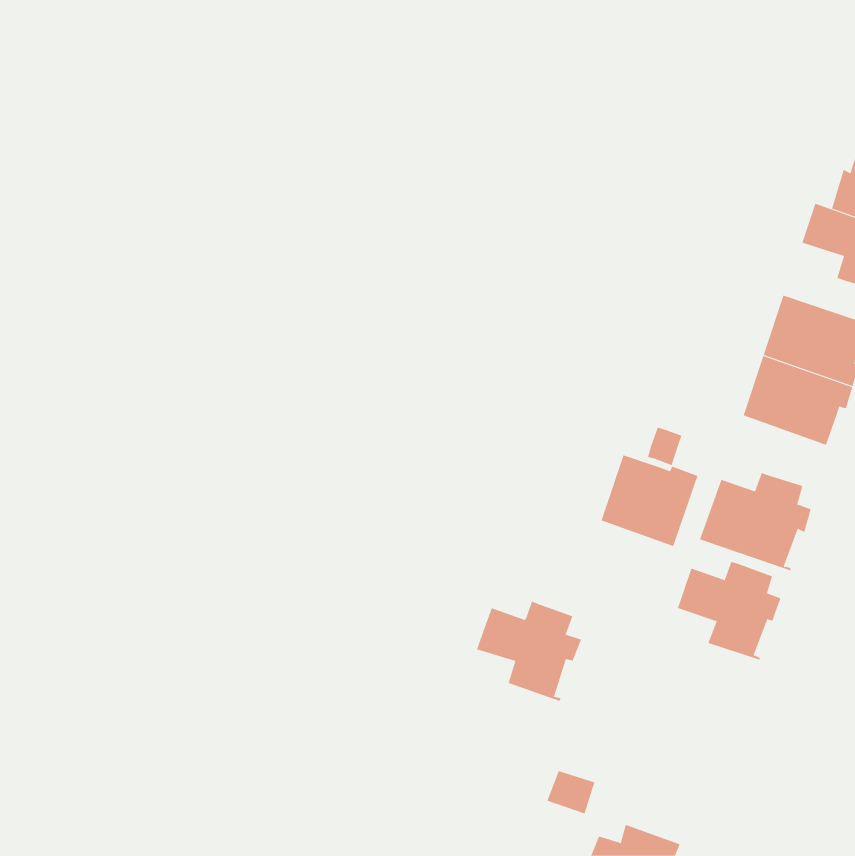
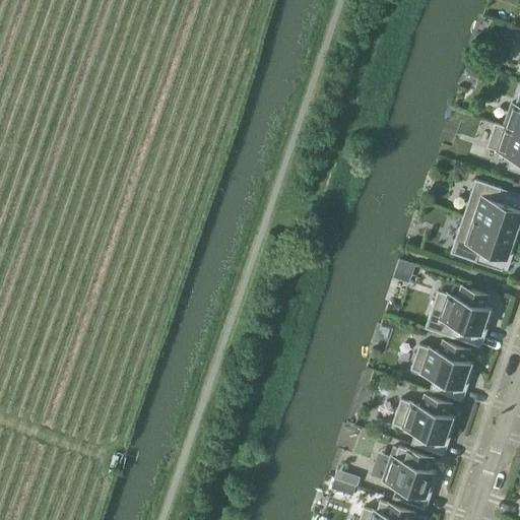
building: [601,454,698,547] -> none
building: [476,601,582,701] -> [392,394,456,455]
building: none -> [383,446,438,509]

